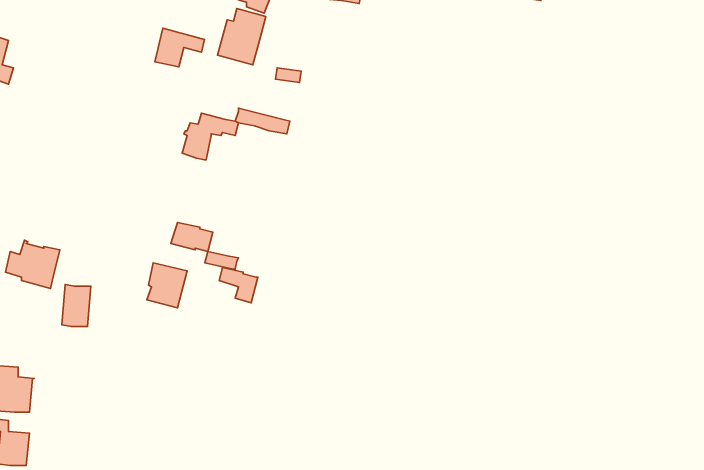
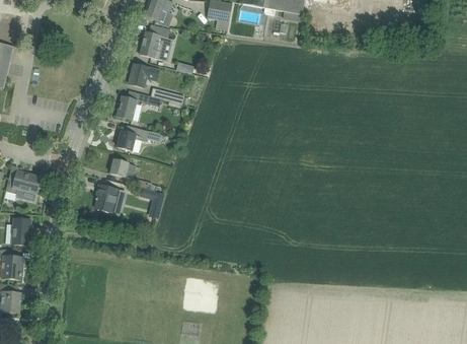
building: [155,28,205,67] -> [128,63,159,87]
building: none -> [116,125,159,150]
building: [62,285,91,326] -> [12,218,30,245]

